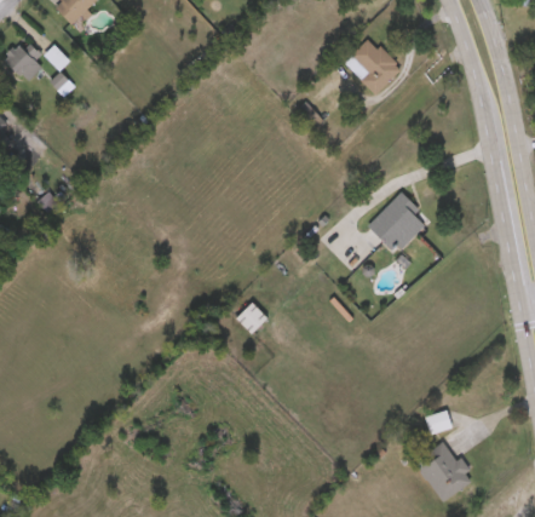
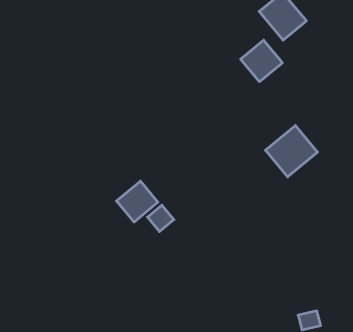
building: none -> [241,40,282,82]
building: none -> [116,181,158,222]

